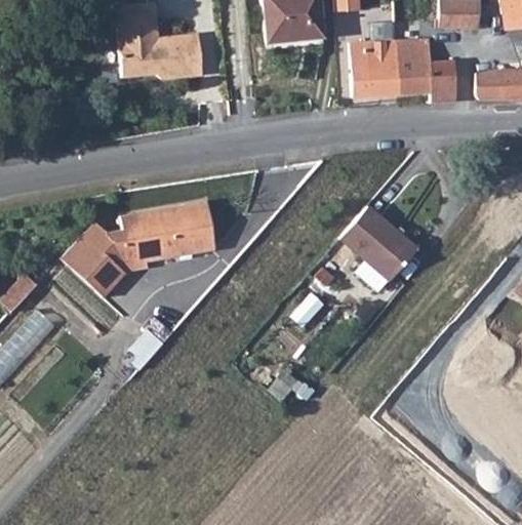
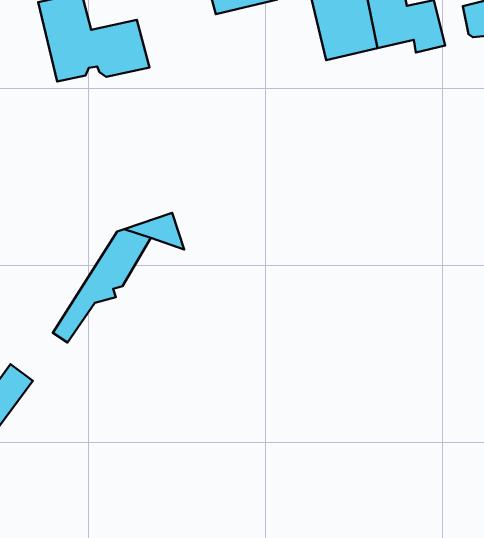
building: [339,205,416,290] -> none
building: [55,212,154,289] -> none
building: [151,223,210,259] -> none

